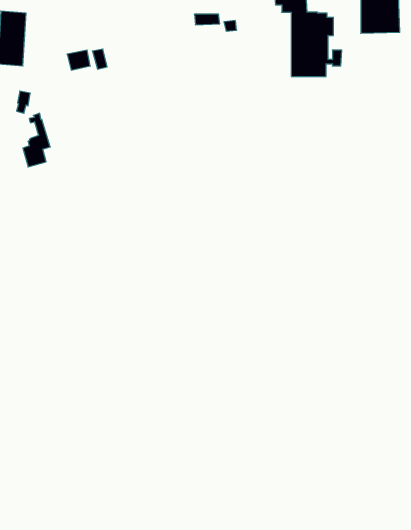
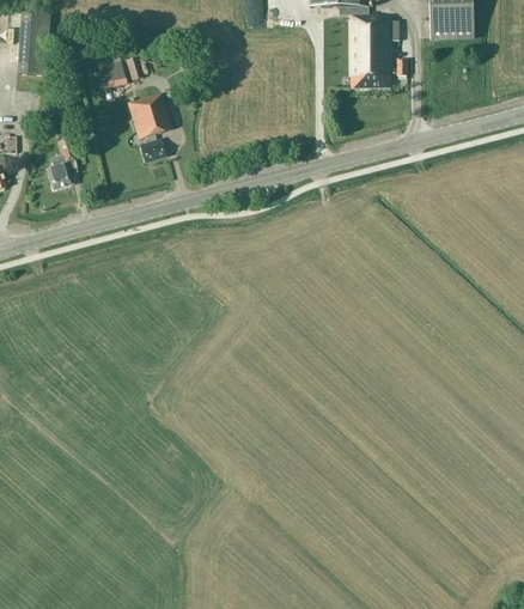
building: none -> [127,92,172,163]

